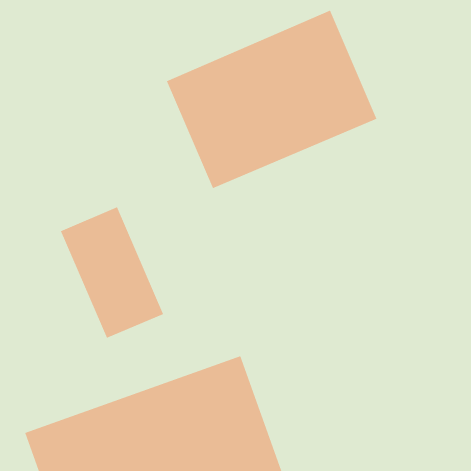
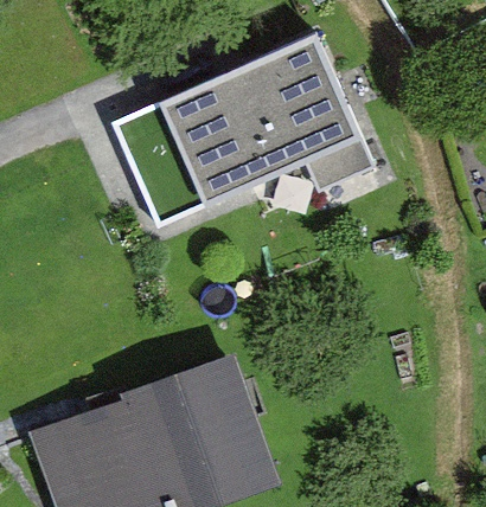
building: [60,206,164,339] -> [111,98,212,226]

